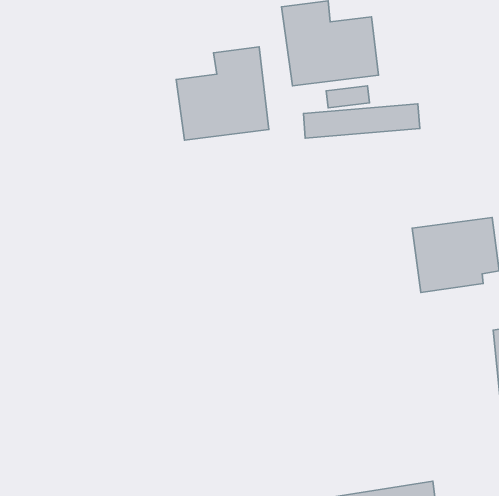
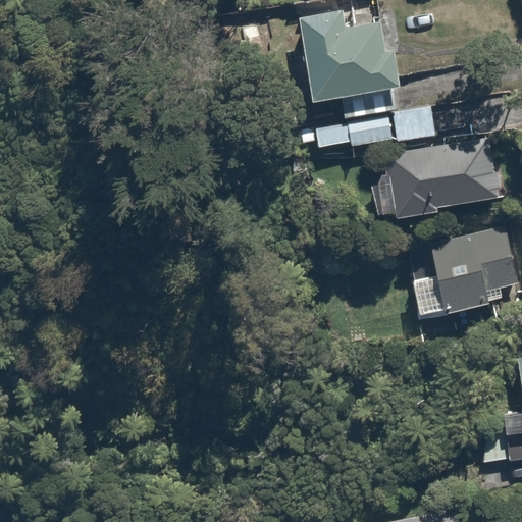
building: [176,47,269,140] -> none
building: none -> [387,144,498,218]

